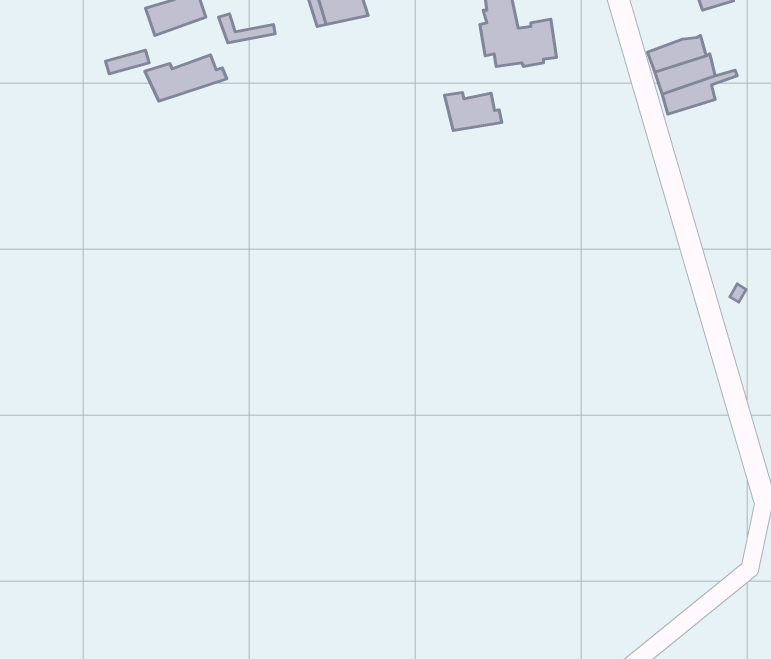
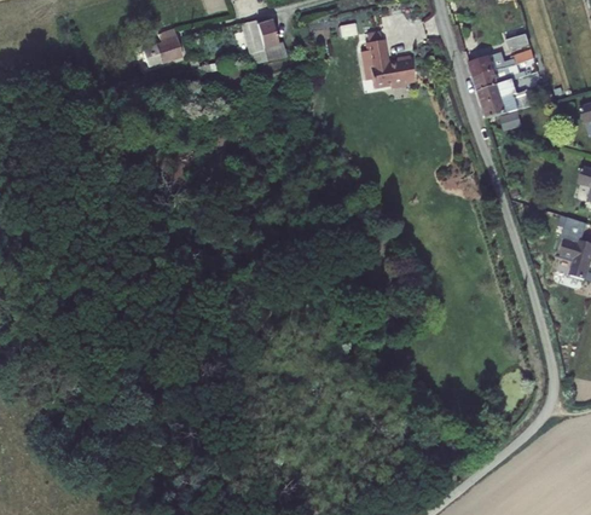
building: none -> [468,50,534,77]
building: [145,55,227,101] -> none
building: [444,93,502,131] -> none

